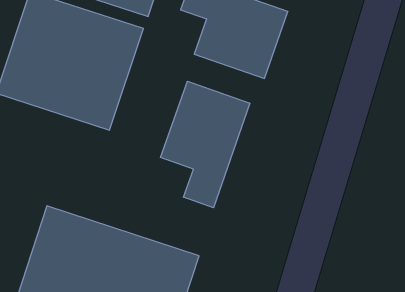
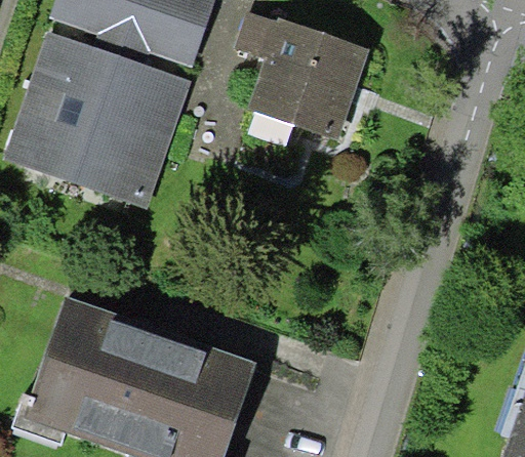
building: [161,81,250,208] -> none

